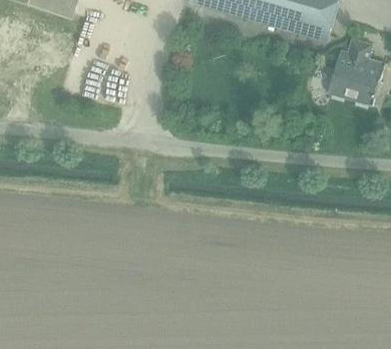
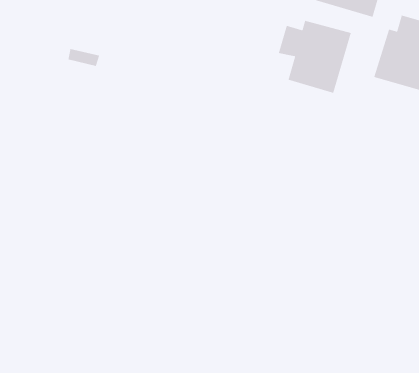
building: none -> [278,20,352,94]

